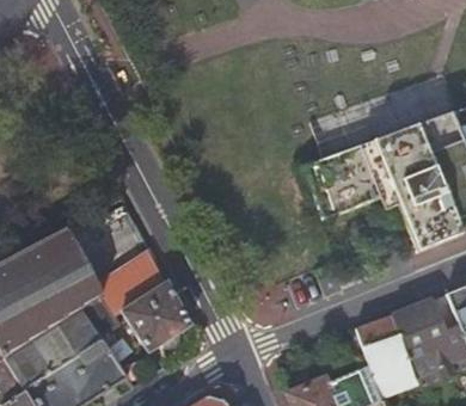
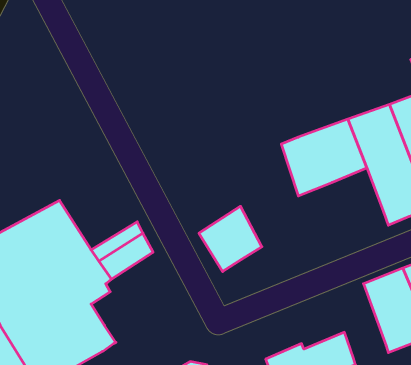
building: [123,282,190,351] -> [199,206,262,272]
building: [357,315,415,394] -> none

